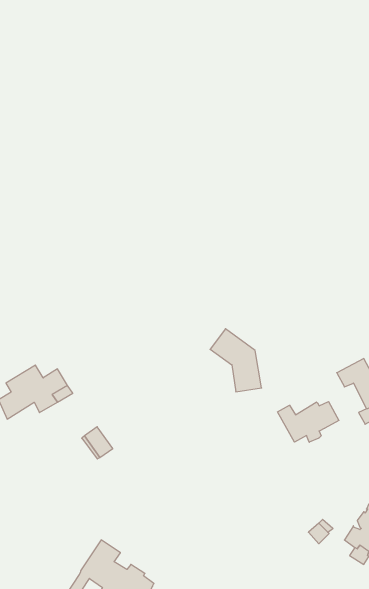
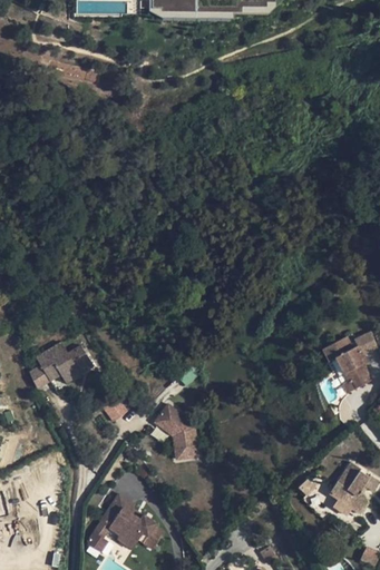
building: [210,329,262,392] -> [154,404,198,459]
building: [278,402,339,442] -> none

